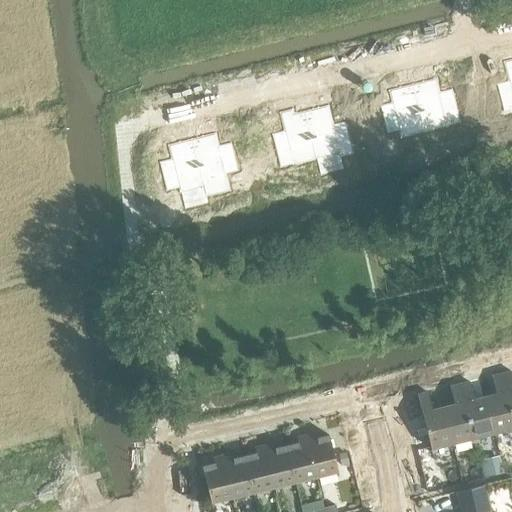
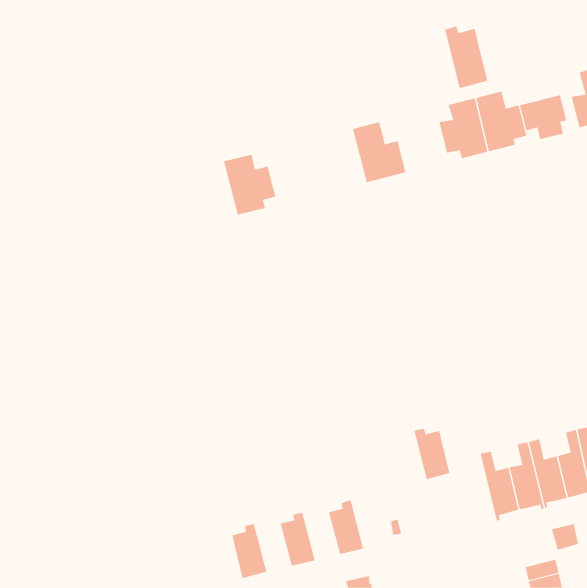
building: none -> [445,26,488,89]
building: none -> [519,95,567,140]
building: [276,110,319,165] -> none
building: [165,140,207,193] -> none
building: [306,432,338,477] -> [413,428,450,480]
building: [264,443,296,487] -> none
building: [222,453,254,497] -> none

